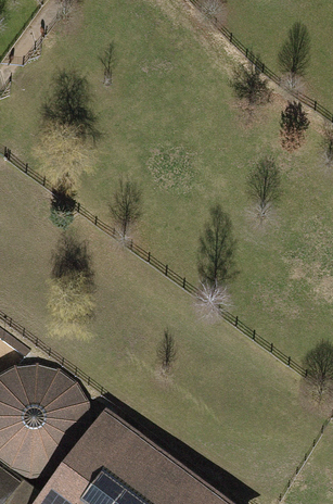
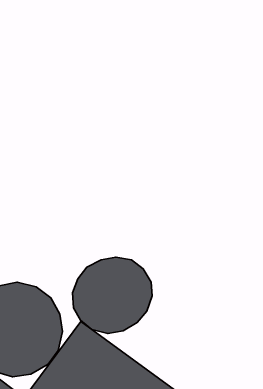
building: none -> [73,257,152,333]

